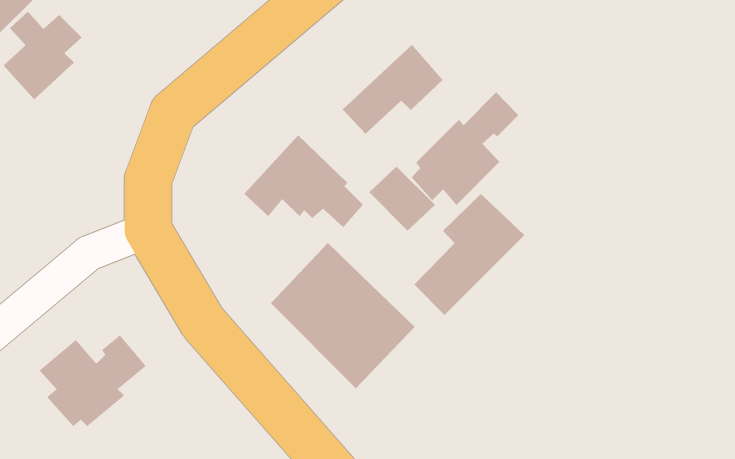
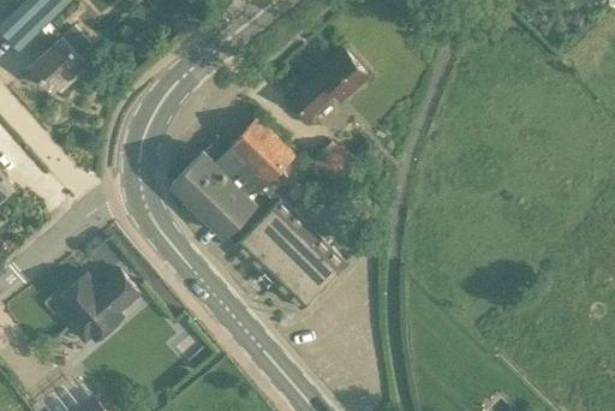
building: [411,92,519,206] -> none
building: none -> [172,155,257,239]
building: [414,193,525,316] -> none

